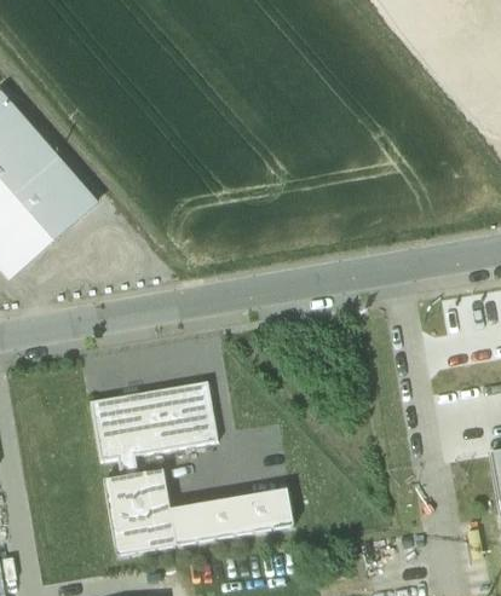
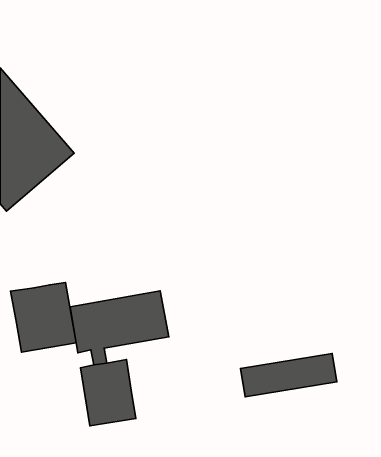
building: none -> [11,283,76,352]
building: [169,488,294,544] -> [240,354,337,397]

